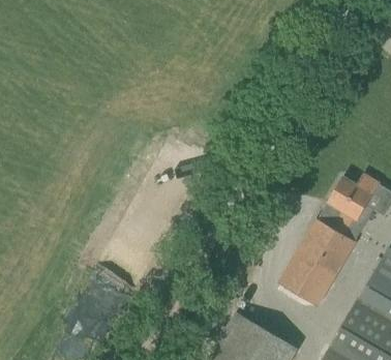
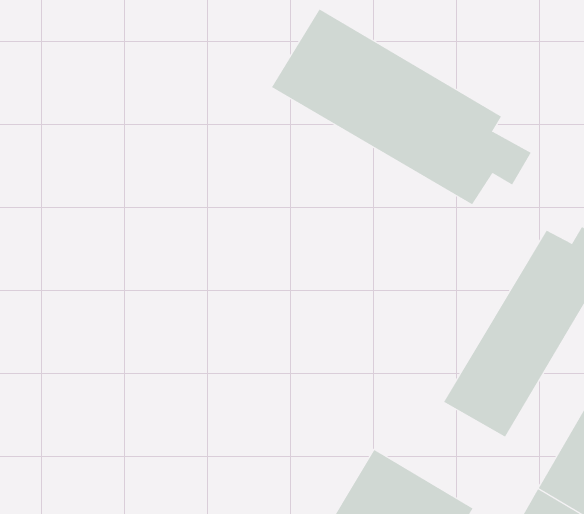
building: none -> [271,8,531,205]

